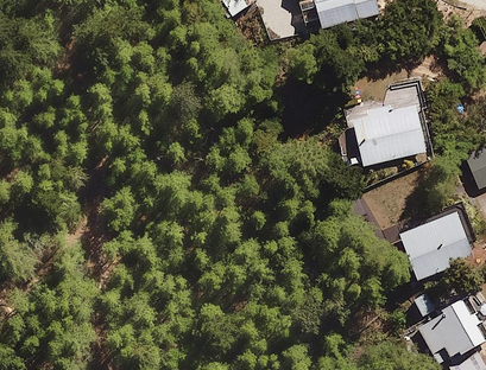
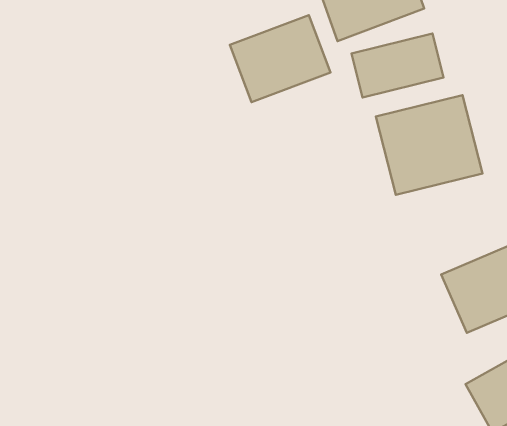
building: none -> [230,15,330,102]
building: none -> [352,34,443,98]

